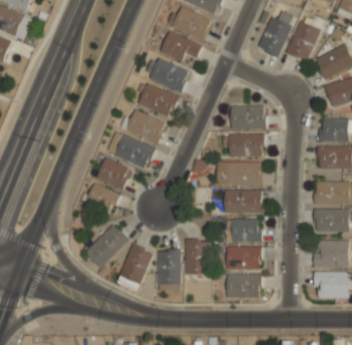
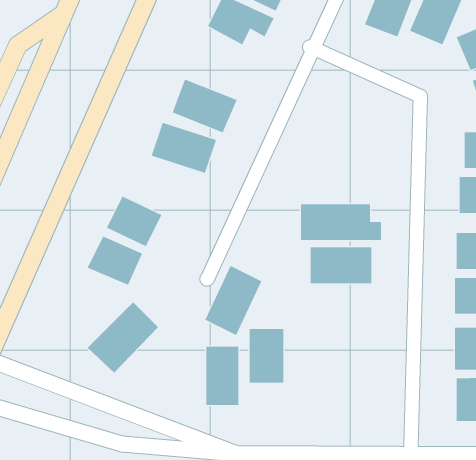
building: [144,55,190,91] -> none
building: [231,105,266,128] -> none
building: [109,132,154,168] -> none
building: [228,133,264,155] -> none
building: [227,218,261,241] -> none
building: [117,244,153,288] -> [204,265,262,336]
building: [227,246,261,268] -> none
building: [227,274,261,297] -> none

